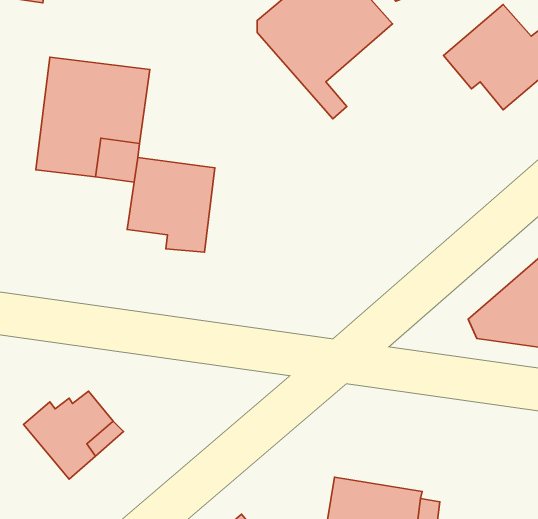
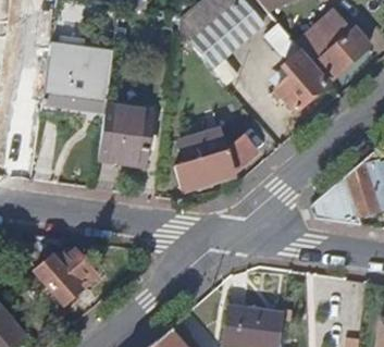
building: none -> [268,24,326,110]
building: none -> [177,128,258,187]

